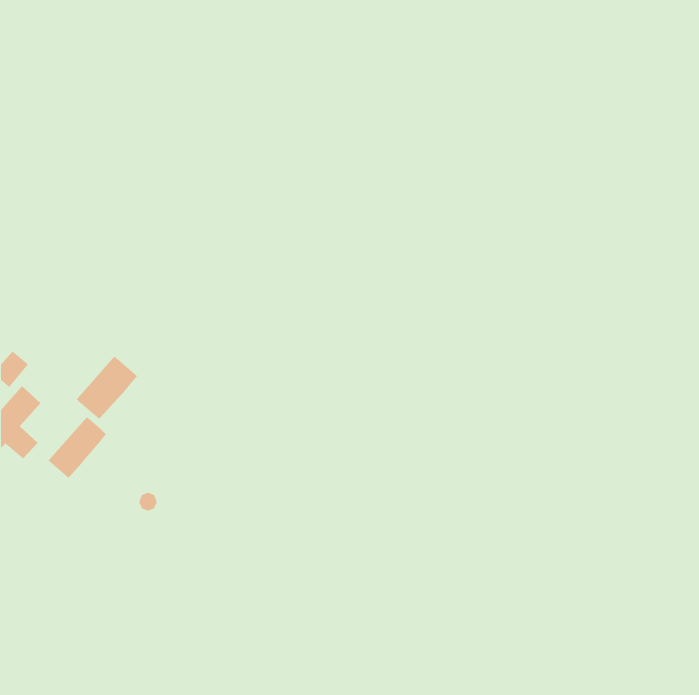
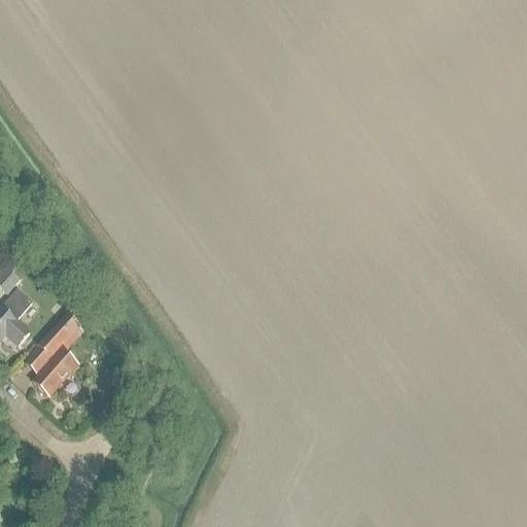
building: [76,355,138,420] -> none
building: none -> [33,353,76,396]

